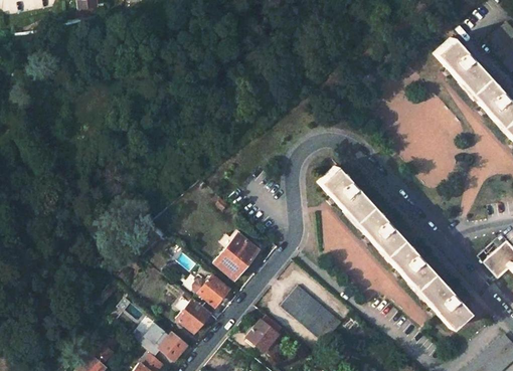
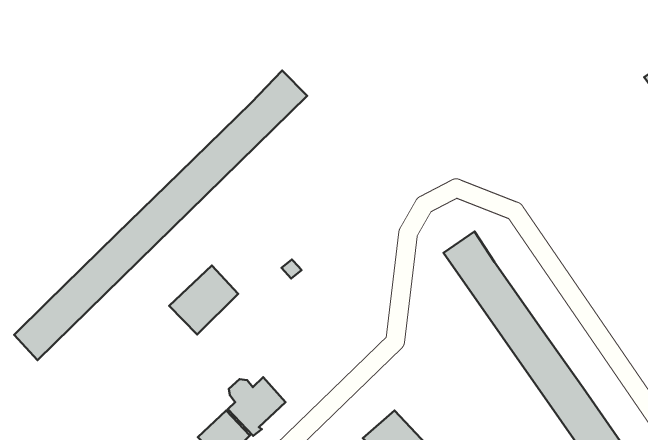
building: none -> [14,71,307,360]
building: [214,233,258,279] -> [169,265,238,334]

